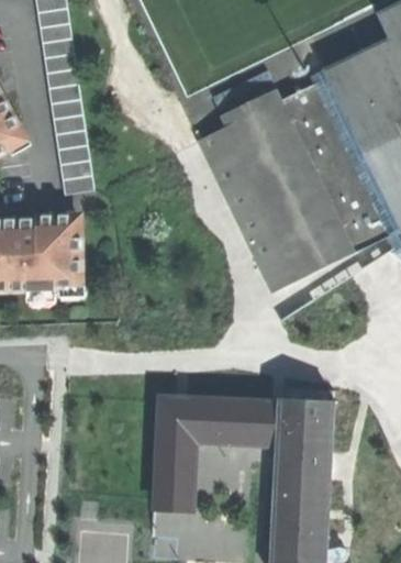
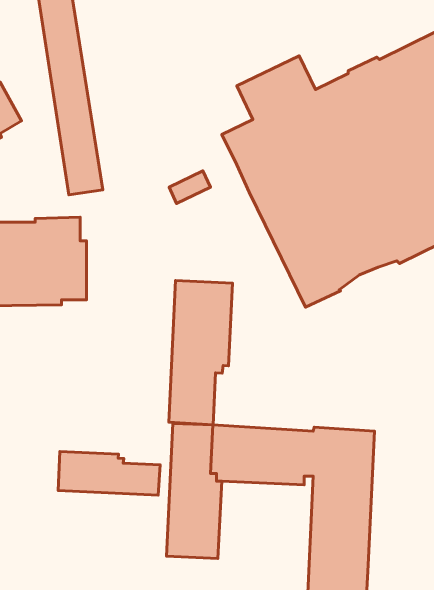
building: none -> [169,280,232,425]
building: none -> [58,452,160,495]

